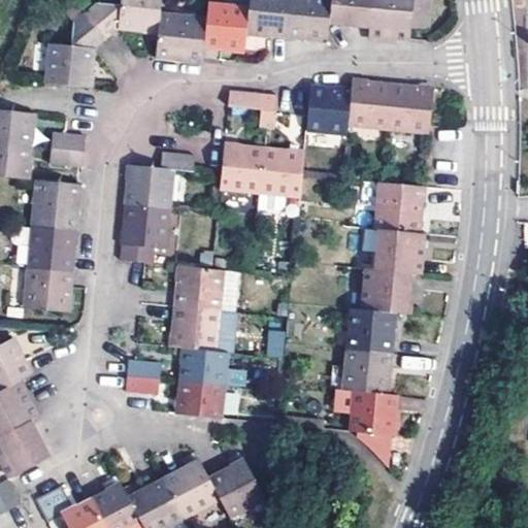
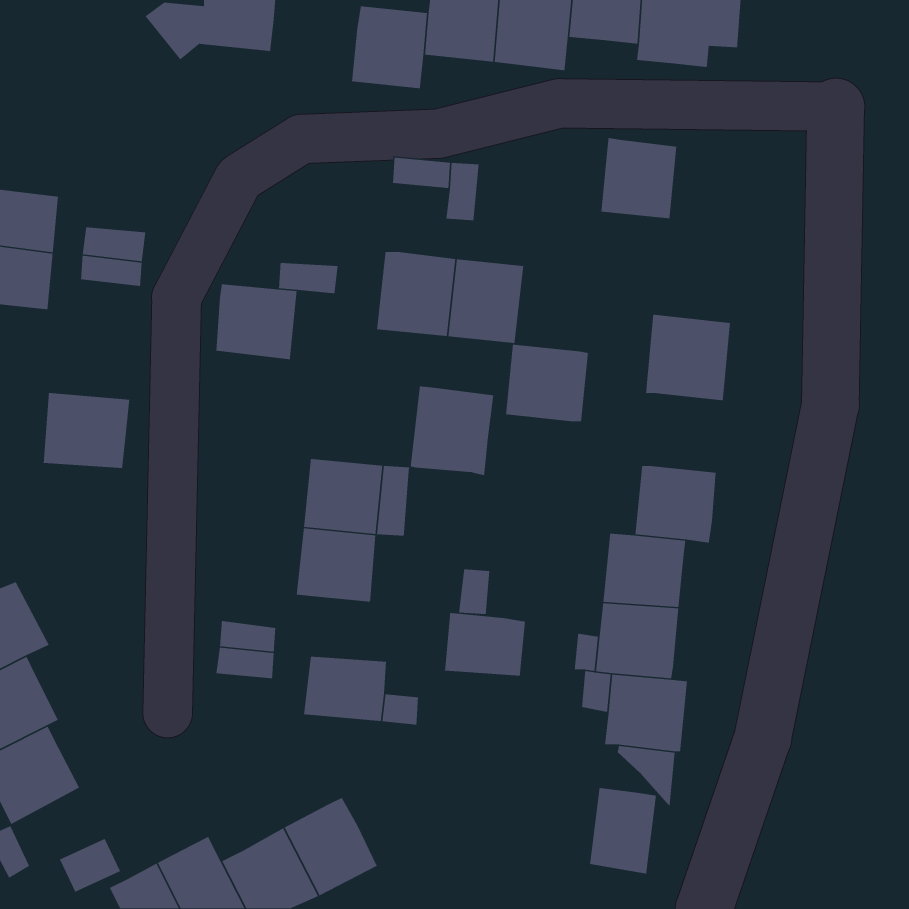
building: [44,9,104,87] -> none
building: [155,11,206,61] -> none
building: [305,85,351,134] -> none
building: [388,85,434,131] -> none
building: [28,179,80,231] -> none
building: [120,203,168,263] -> none
building: none -> [410,386,494,476]
building: [375,228,424,273] -> [505,344,589,422]
building: [21,268,71,311] -> none
building: [179,345,227,383] -> [444,612,526,676]
building: none -> [589,787,657,875]
building: [207,459,265,517] -> none

